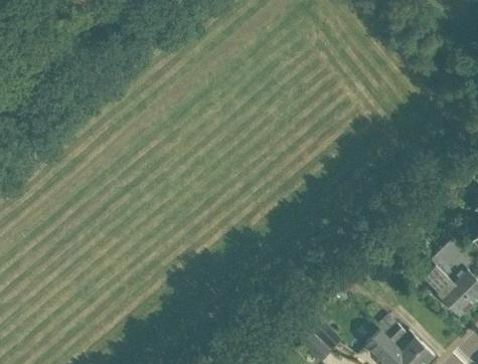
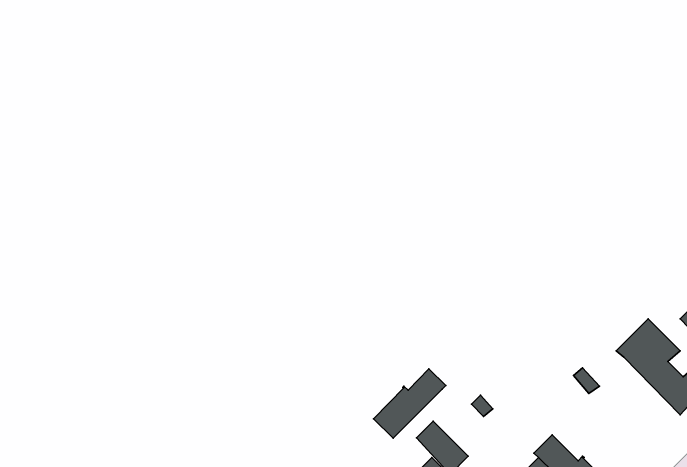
building: [424,265,473,317] -> none
building: none -> [374,369,446,438]

